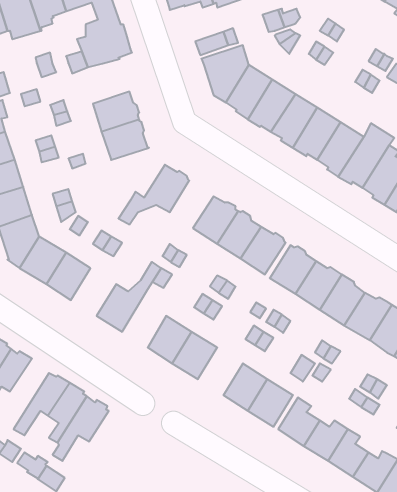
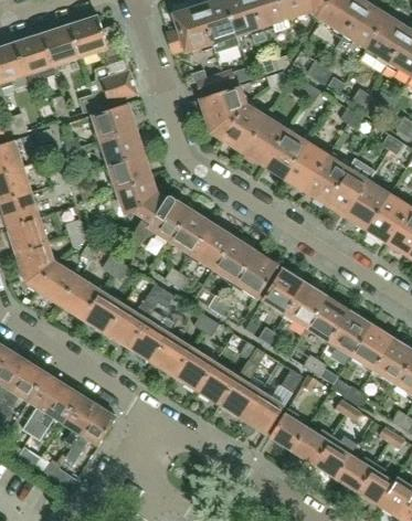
building: none -> [93,103,135,140]
building: none -> [118,180,165,225]
building: none -> [171,210,211,253]
building: none -> [82,289,123,332]
building: none -> [128,308,168,361]
building: none -> [197,361,237,404]
building: none -> [22,371,62,435]

